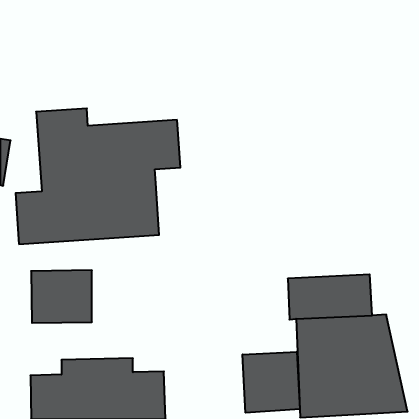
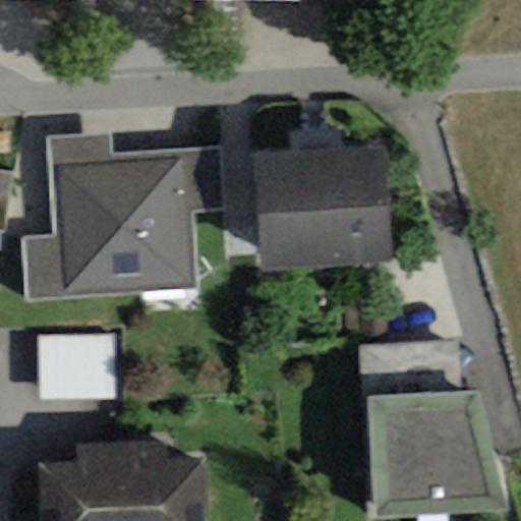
building: none -> [250,141,391,271]
building: [243,352,300,413] -> none

